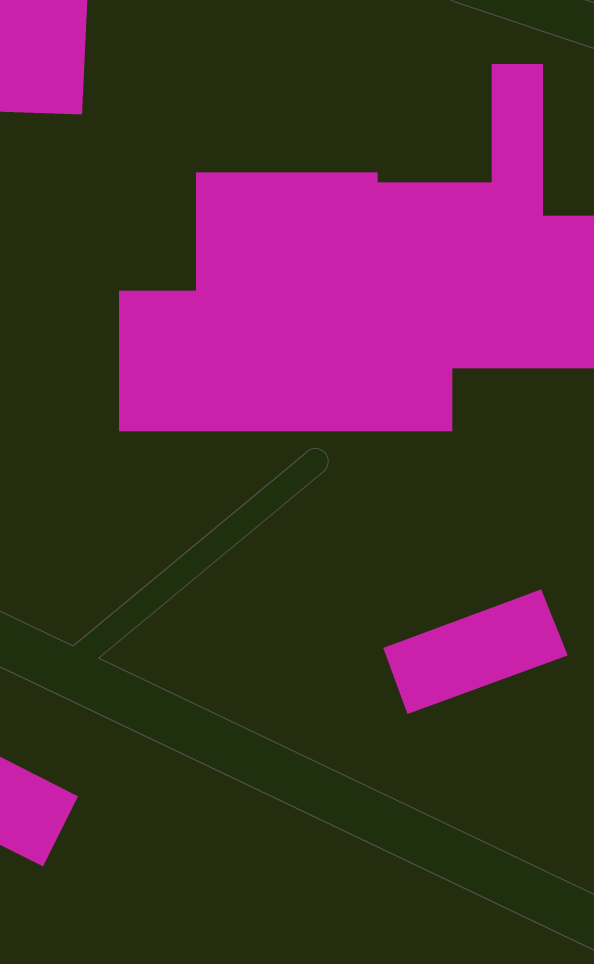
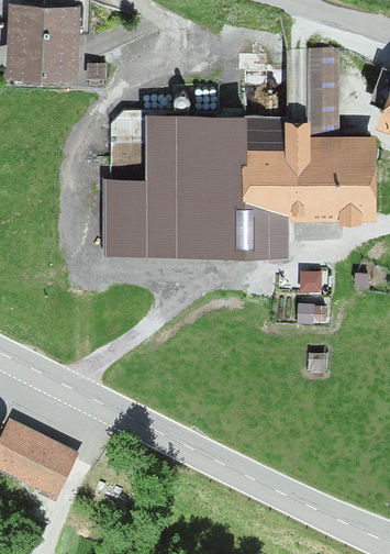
building: [383,589,569,715] -> none

